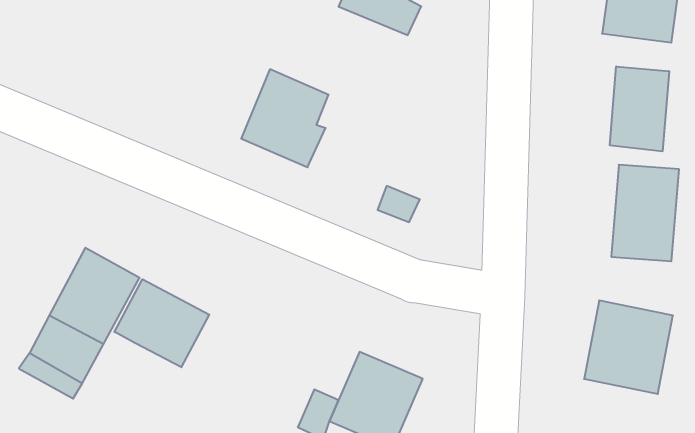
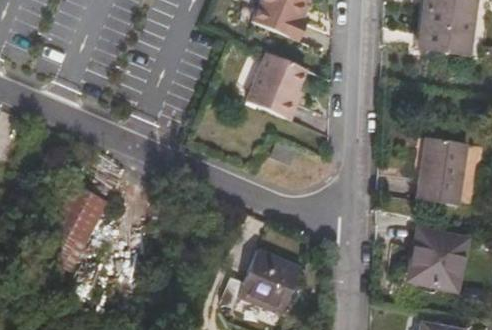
building: [610,66,669,151] -> none
building: [241,69,329,167] -> [242,57,300,122]
building: [114,279,209,367] -> none

